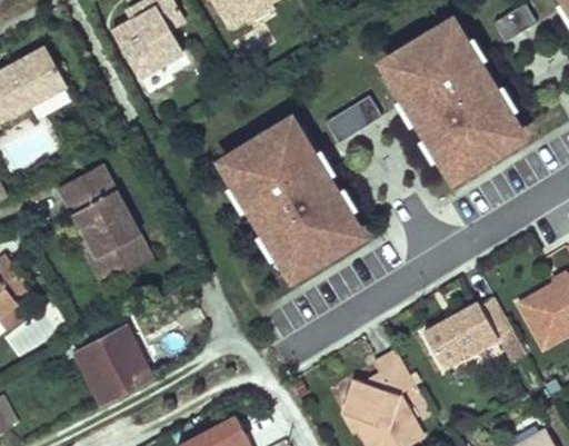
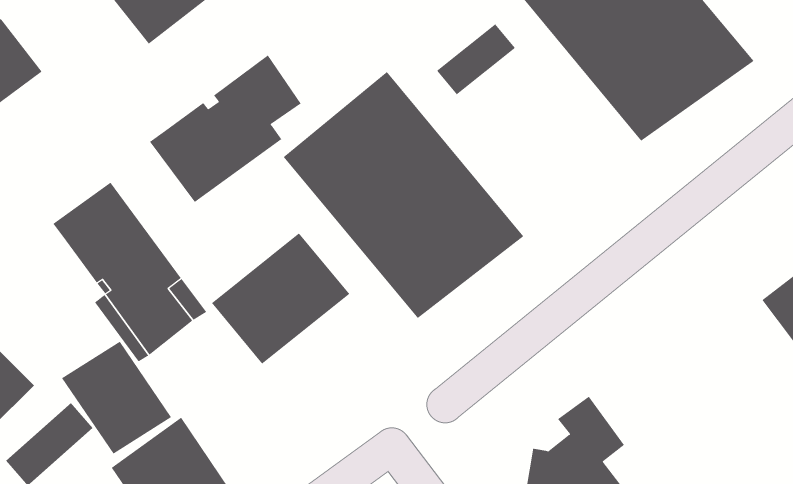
building: none -> [149,54,302,203]
building: none -> [211,232,350,364]
building: none -> [61,341,172,455]
building: [422,297,525,368] -> none

